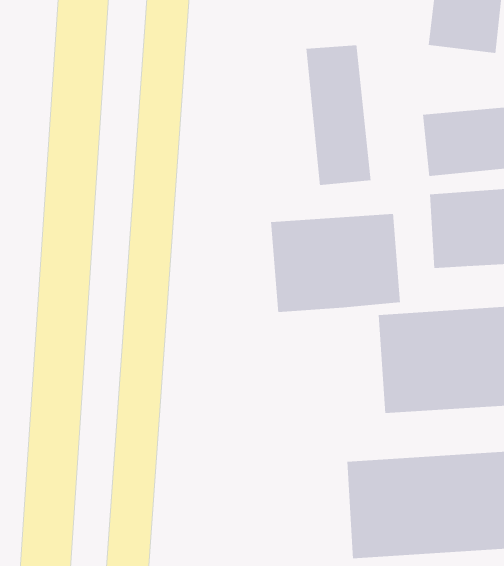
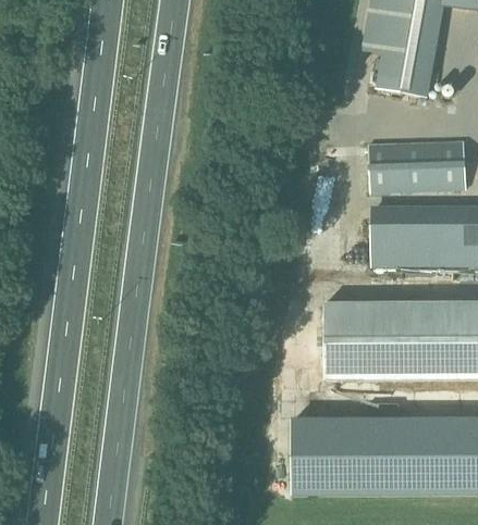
building: [306,45,371,186] -> none
building: [270,213,401,313] -> none

